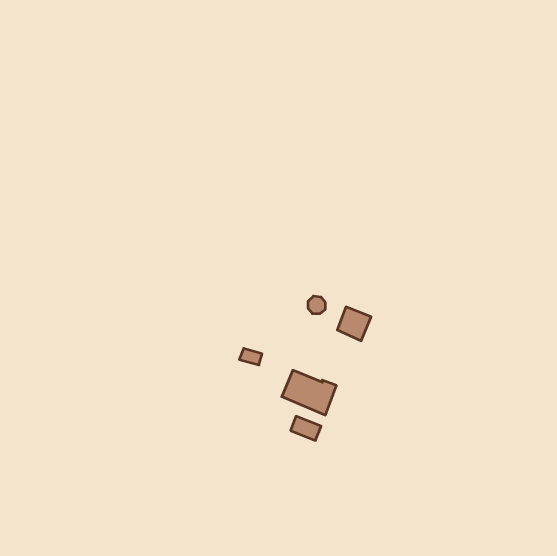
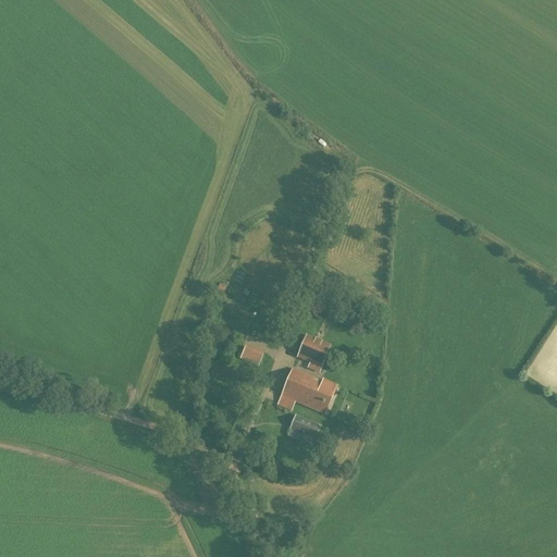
building: [337,307,371,341] -> [296,334,330,368]

